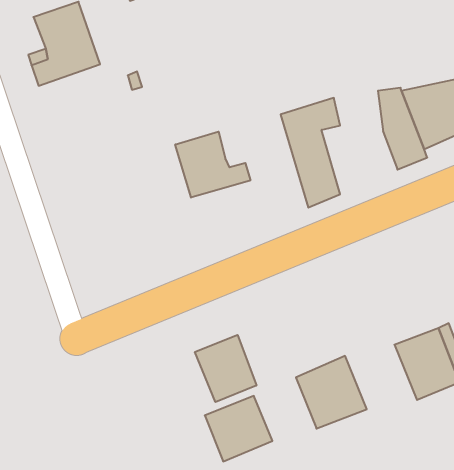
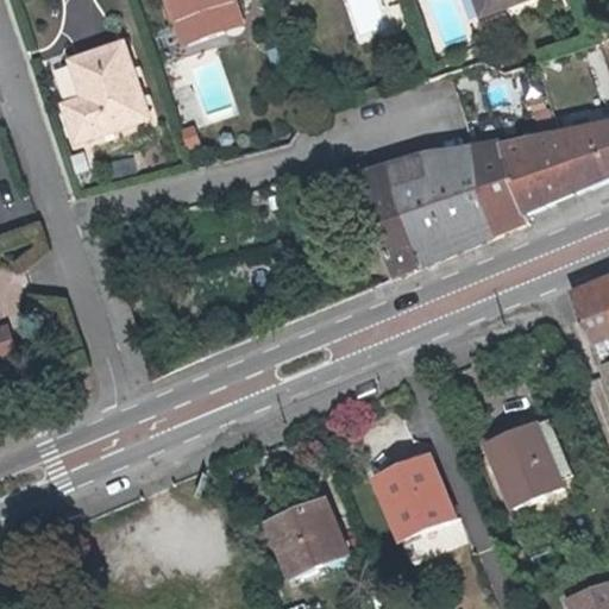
building: none -> [403,145,491,265]
building: [175,132,250,198] -> none
building: [195,335,256,402] -> none

